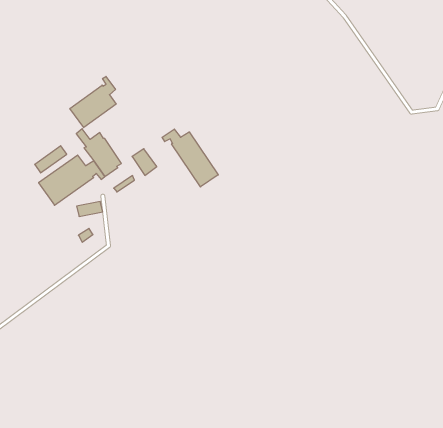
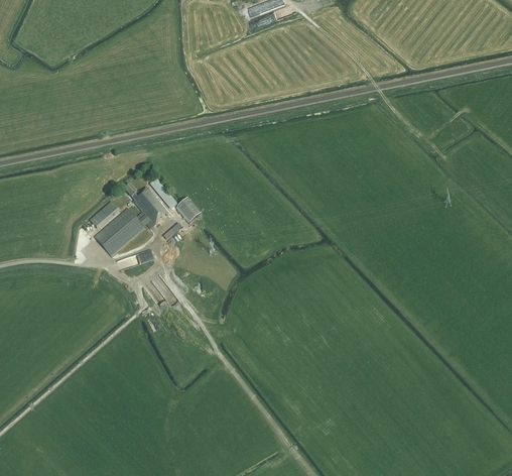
building: [70,76,116,128] -> none
building: [162,129,218,187] -> none

